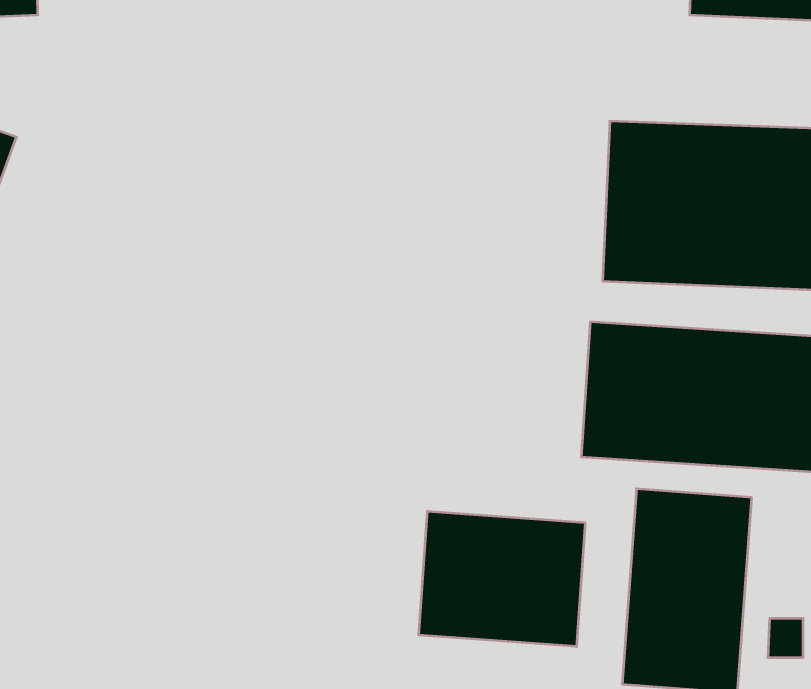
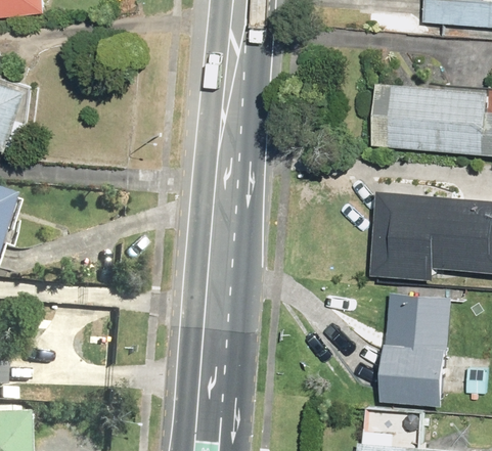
building: [419,511,585,647] -> none

